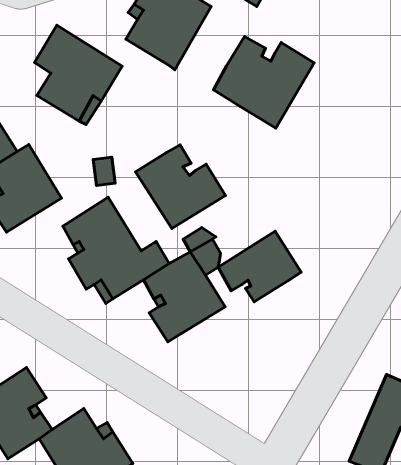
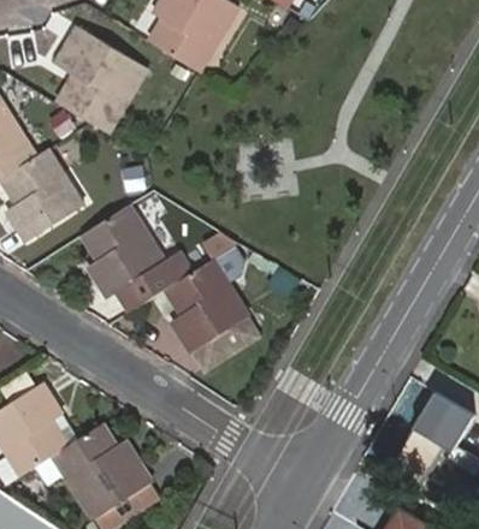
building: [214,37,314,128] -> none
building: [135,145,226,229] -> none
building: [218,231,301,302] -> none

